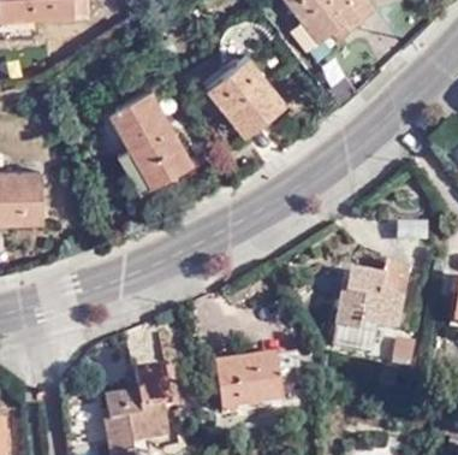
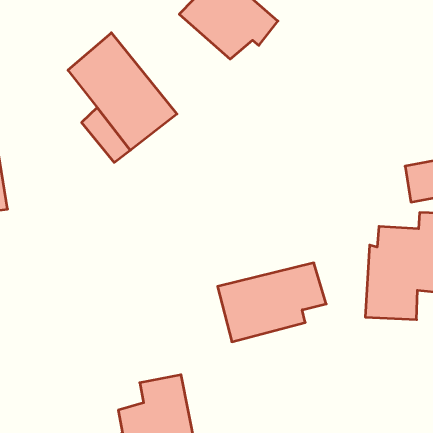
building: [213,354,301,410] -> [218,263,326,342]

